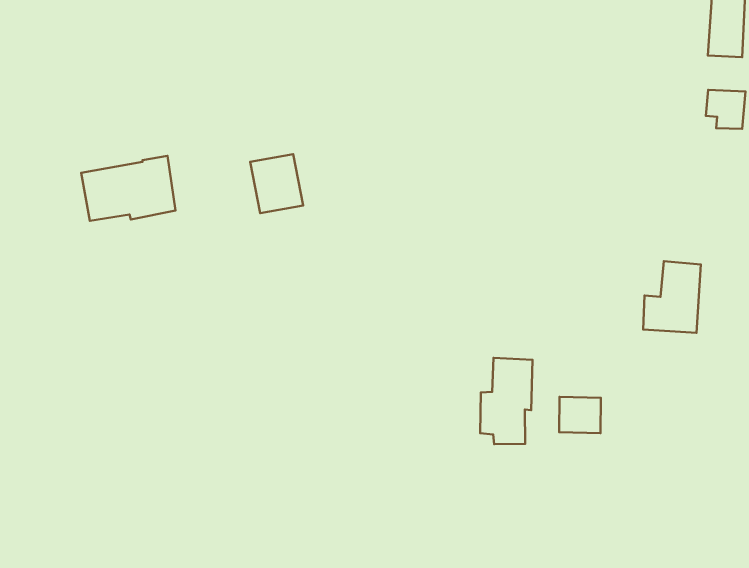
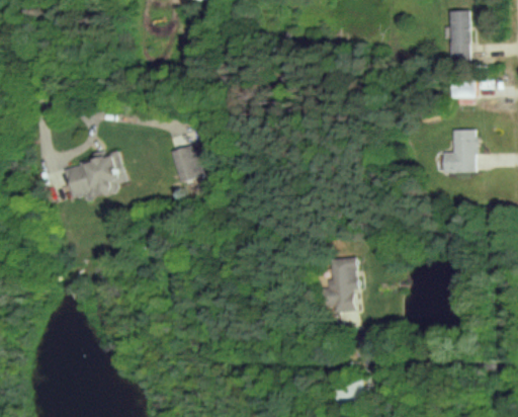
building: [643,261,701,333] -> [442,130,477,173]
building: [559,397,601,433] -> none

